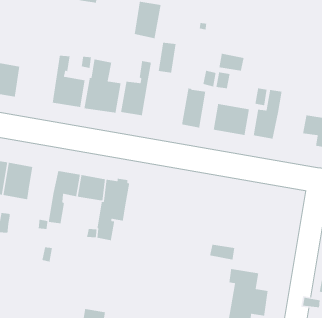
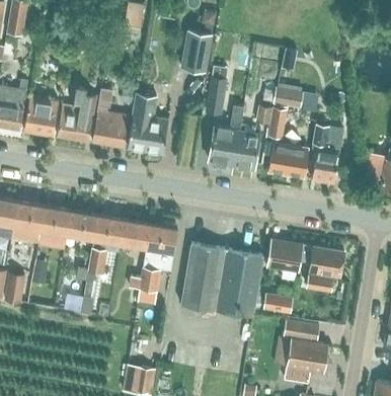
building: none -> [57,88,96,142]
building: [120,60,152,116] -> [209,105,243,166]
building: none -> [68,212,98,240]
building: none -> [266,240,343,293]
building: none -> [180,244,263,318]

